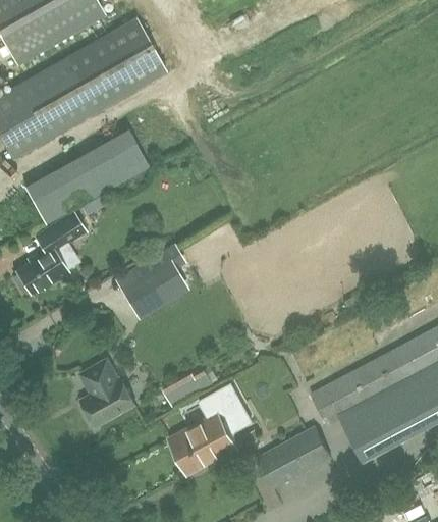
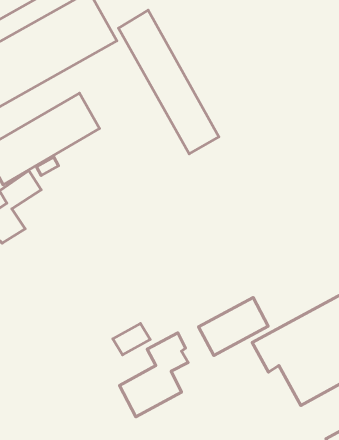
building: none -> [118,10,219,154]
building: [114,242,189,319] -> none
building: [83,359,135,425] -> none
building: [257,426,331,488] -> [199,297,268,356]

